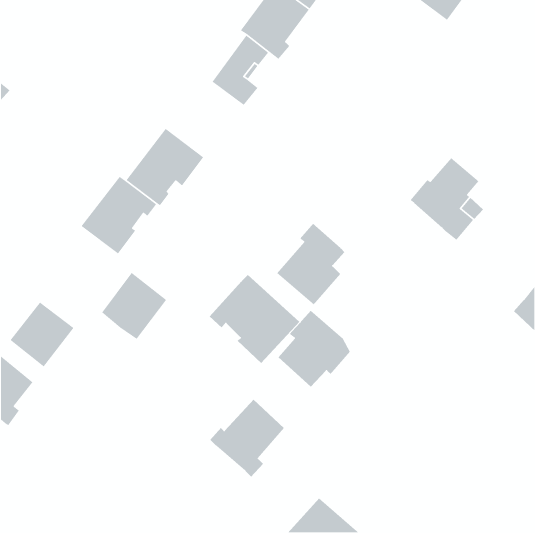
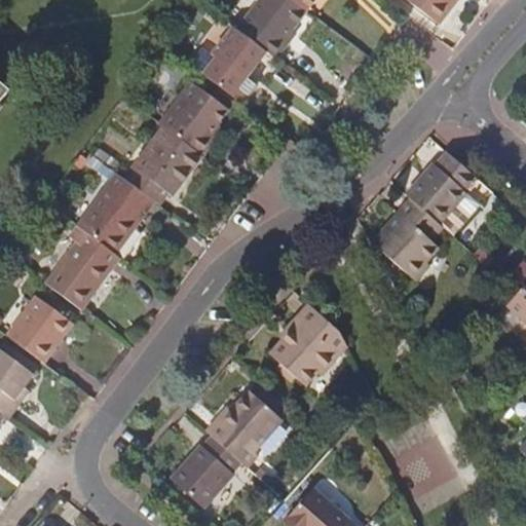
building: none -> [158,85,226,154]
building: [276,223,345,306] -> [370,199,438,280]
building: [101,272,167,340] -> [45,239,110,306]
building: [209,274,300,364] -> none
building: none -> [170,438,240,509]

